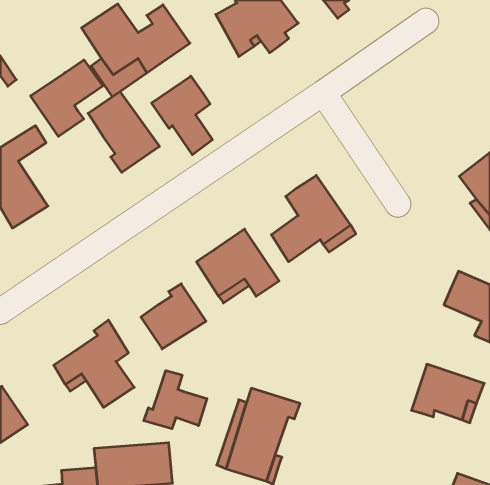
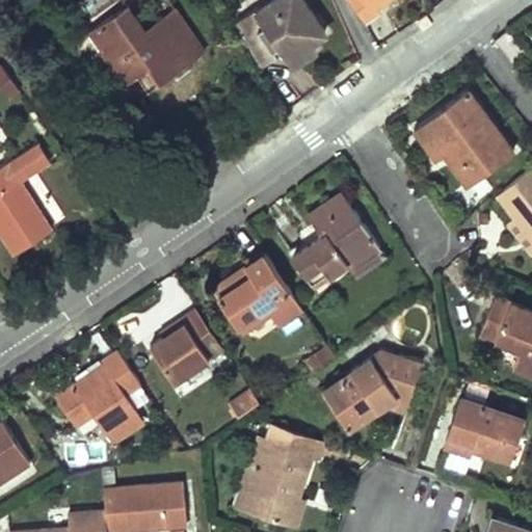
building: [31,60,103,136] -> none
building: [152,76,212,155] -> none
building: none -> [417,91,514,187]
building: [88,92,159,172] -> none
building: none -> [323,354,440,428]
building: [144,371,207,429] -> none

